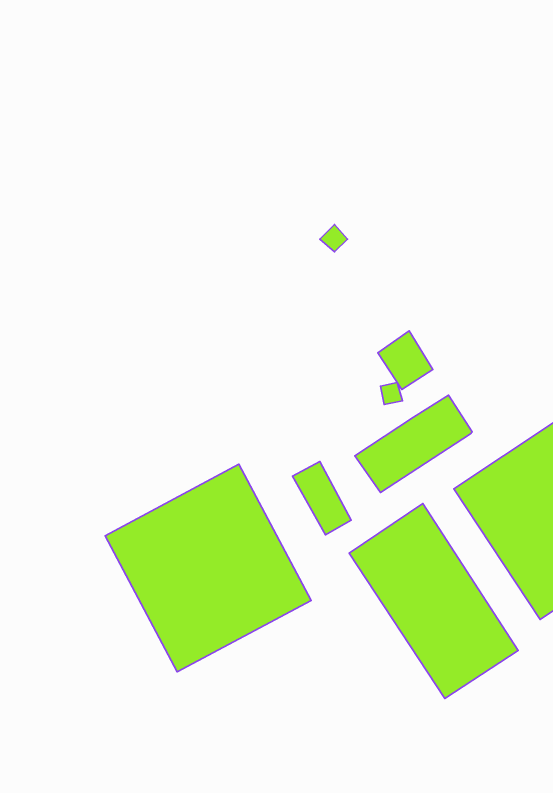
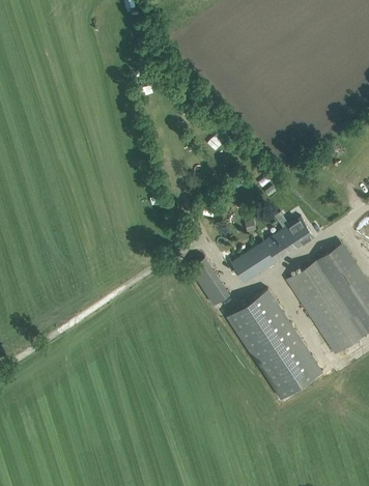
building: [378,331,433,390] -> [283,216,314,249]
building: [105,464,311,672] -> none

